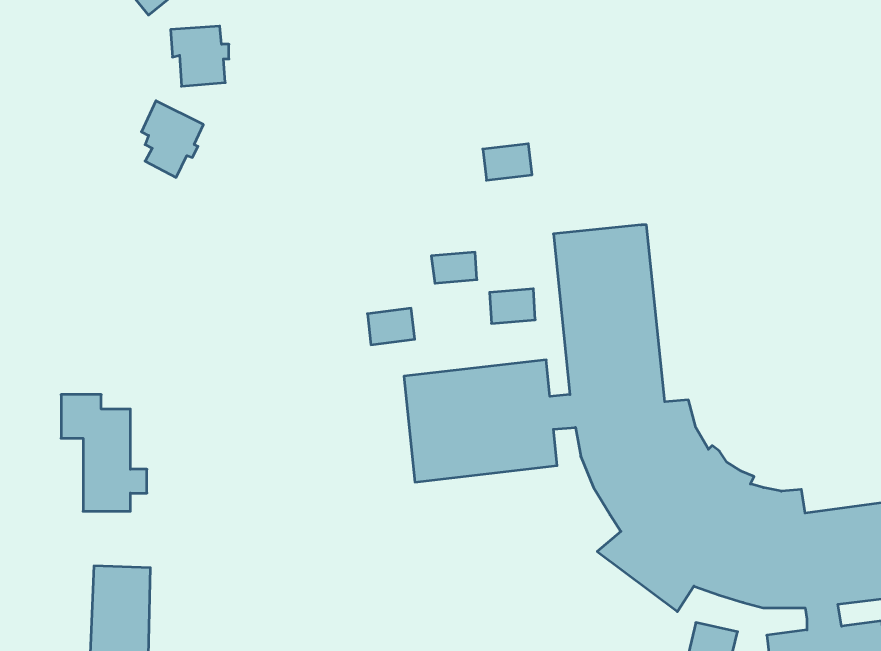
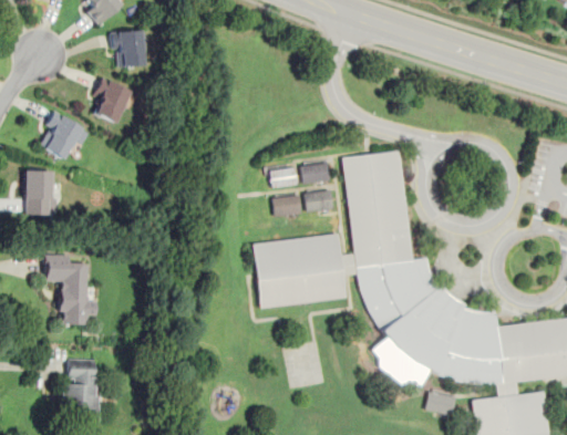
building: [483,144,532,180] -> [301,162,331,184]
building: none -> [41,111,91,159]
building: none -> [24,170,58,215]
building: [367,308,415,345] -> [274,195,302,217]

